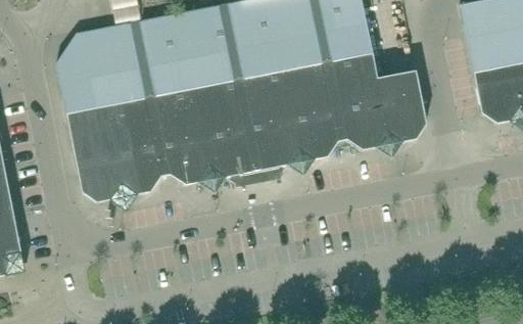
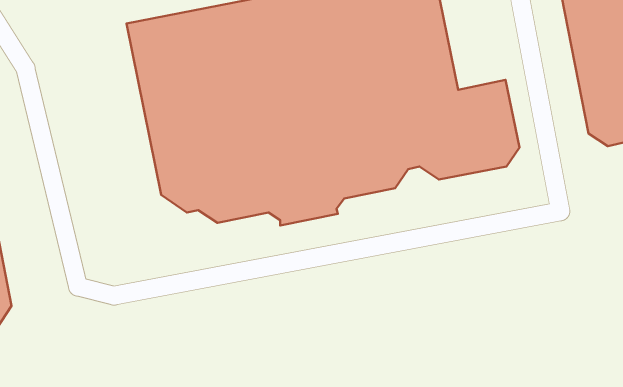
building: [56,25,160,201] -> none

